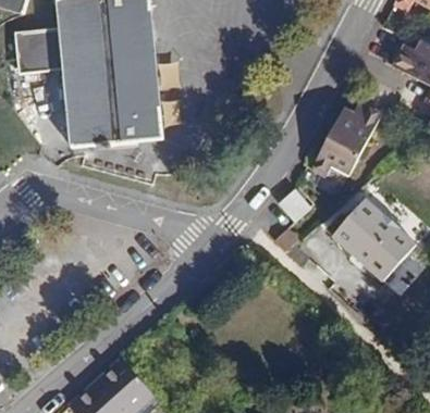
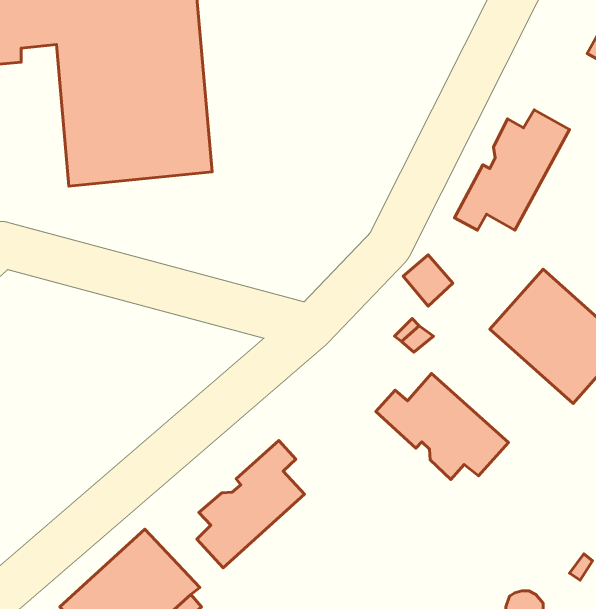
building: none -> [376,374,508,480]
building: none -> [197,441,304,568]

